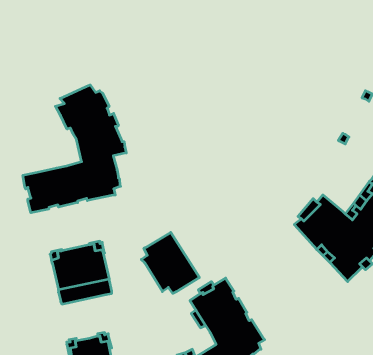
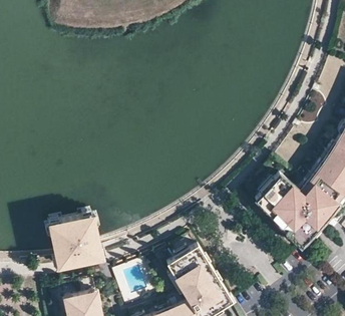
building: [23,85,126,213] -> none
building: [141,232,199,293] -> none

